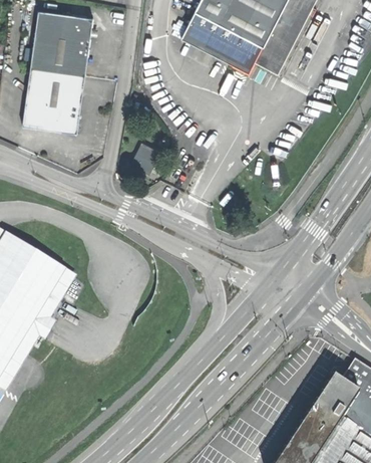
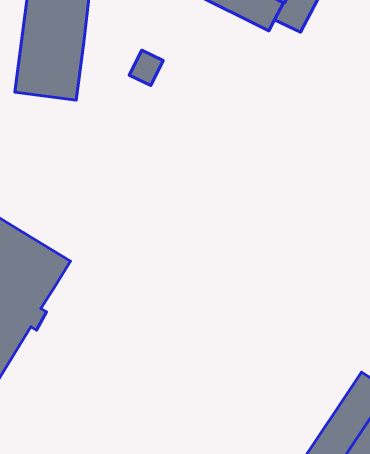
building: [129,144,159,175] -> [129,50,163,85]

